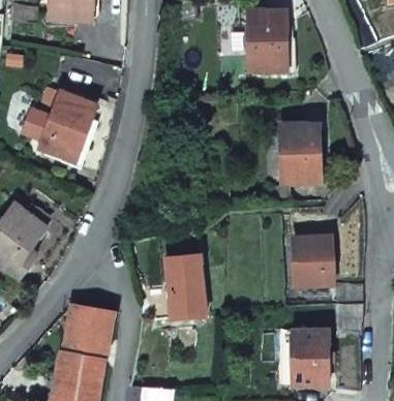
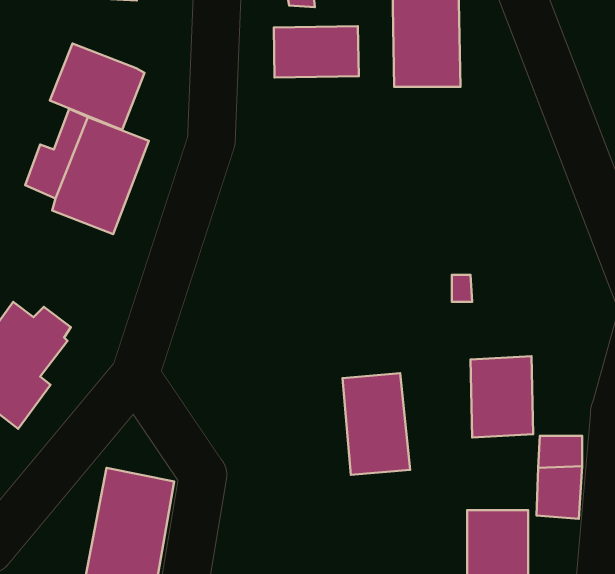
building: none -> [274,26,359,78]
building: none -> [50,44,145,130]
building: [280,125,320,181] -> none
building: [164,255,206,317] -> [342,373,410,475]

